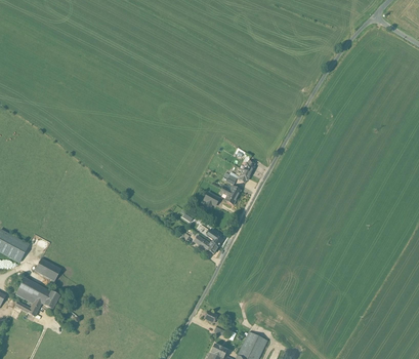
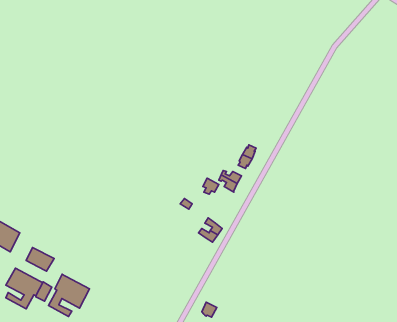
building: none -> [49,274,90,316]

